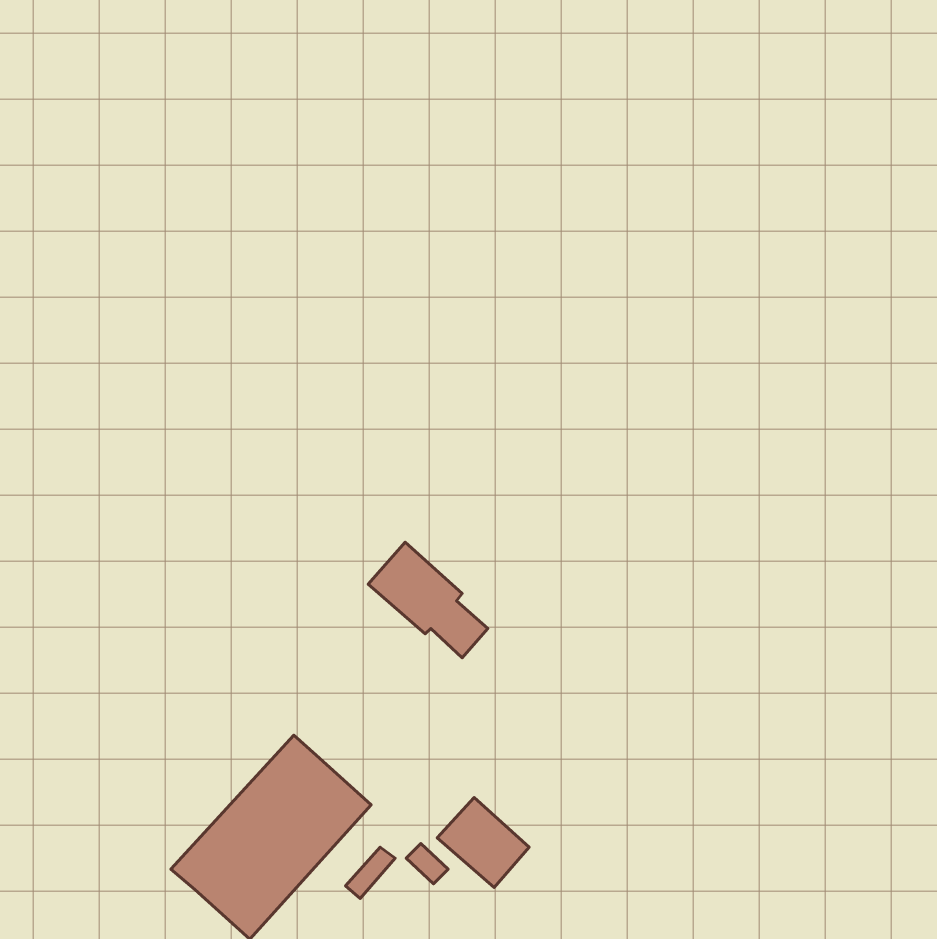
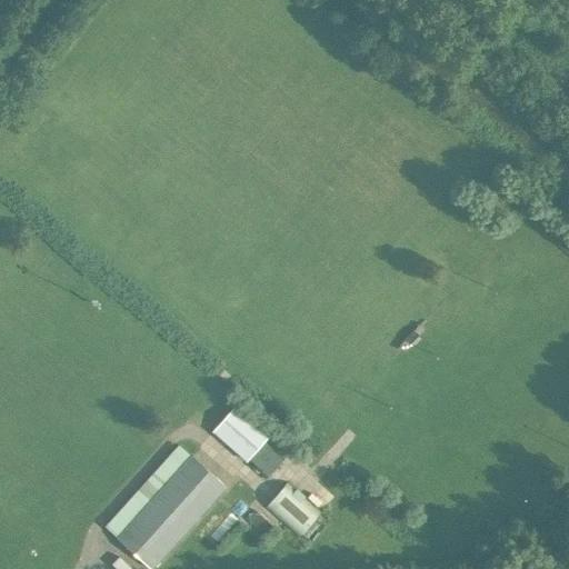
building: [368,542,488,658] -> [212,407,284,477]

